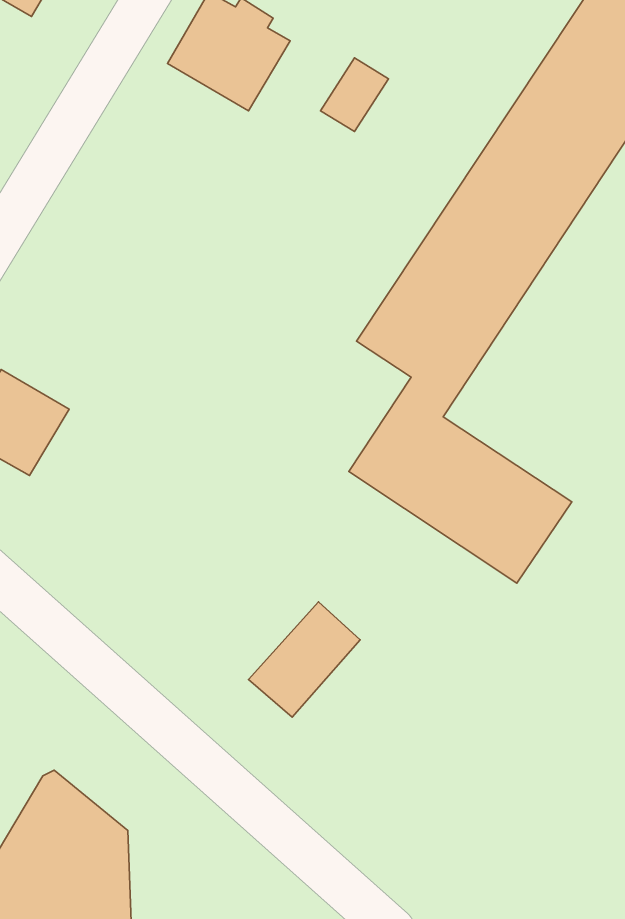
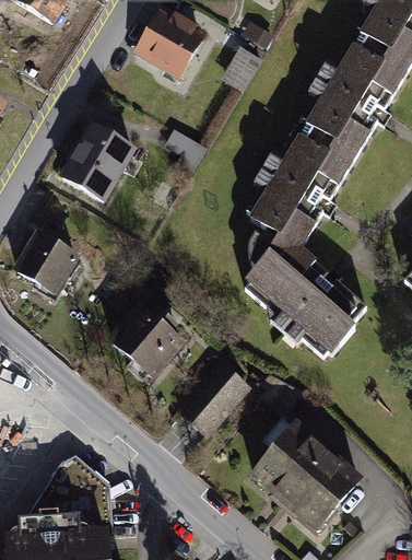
building: none -> [57,127,136,209]
building: none -> [109,302,179,372]
building: none -> [255,424,358,526]

